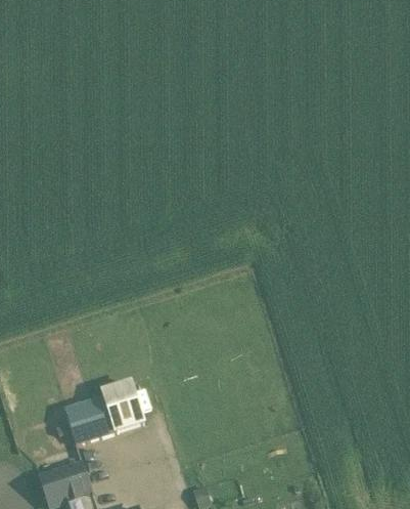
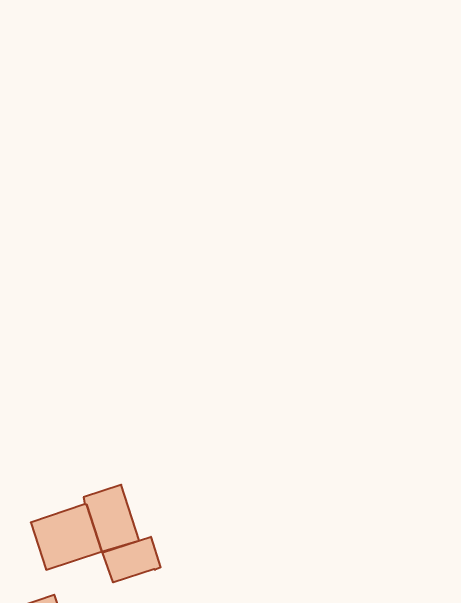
building: none -> [102,537,161,582]

